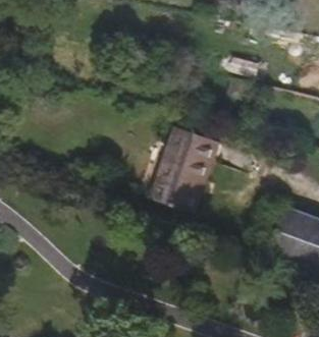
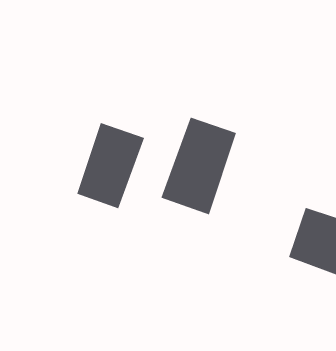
building: none -> [77,122,145,209]

